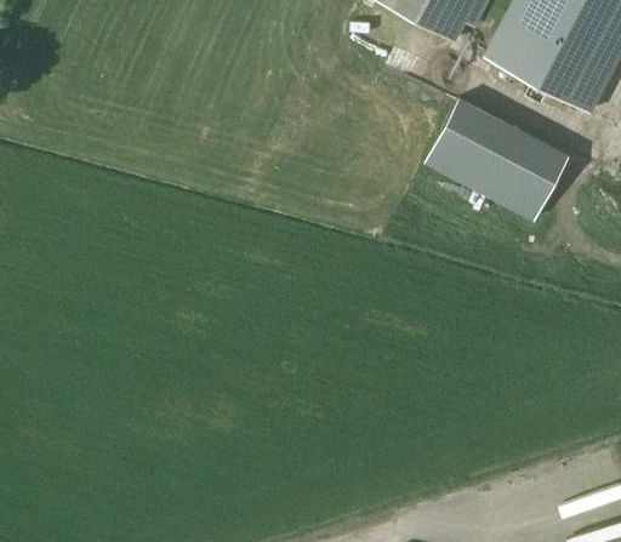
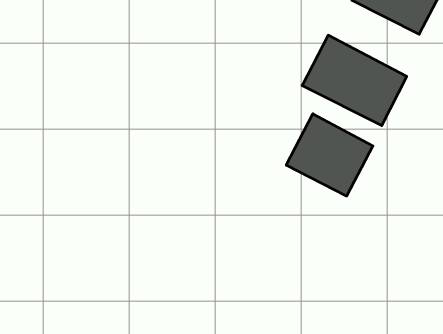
building: none -> [286,114,373,196]

